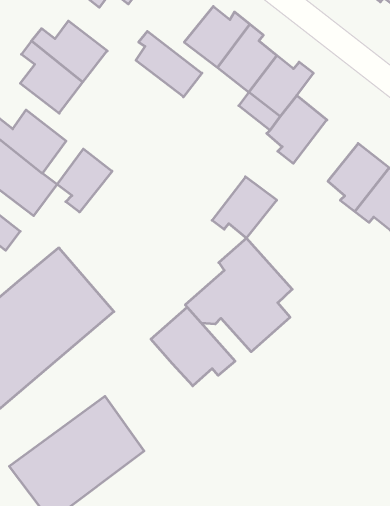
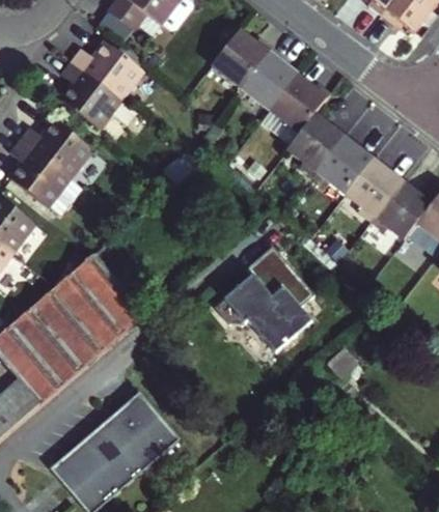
building: [136,31,202,97] -> none
building: [57,149,112,212] -> none
building: [212,177,277,238] -> [313,136,374,193]
building: [151,307,235,386] -> none

